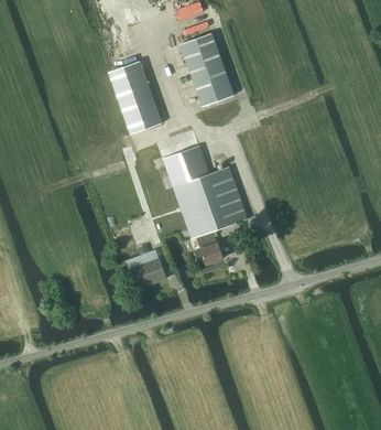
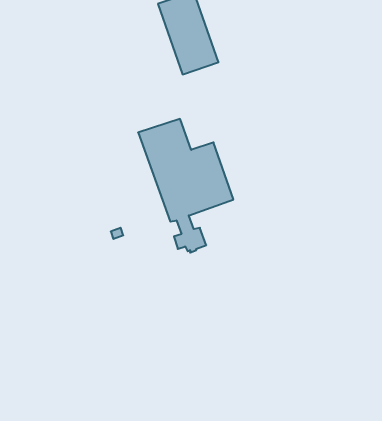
building: [108,61,161,133] -> none
building: [133,257,166,287] -> none

